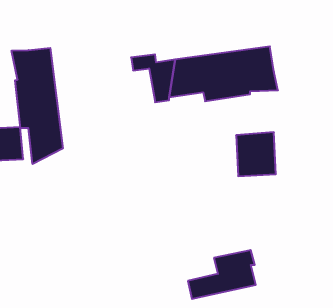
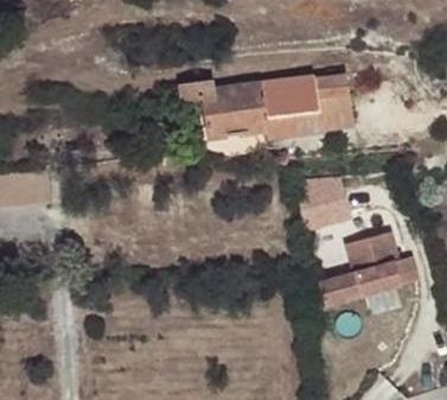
building: [12,48,63,164] -> none
building: [188,250,256,299] -> [318,241,398,299]

